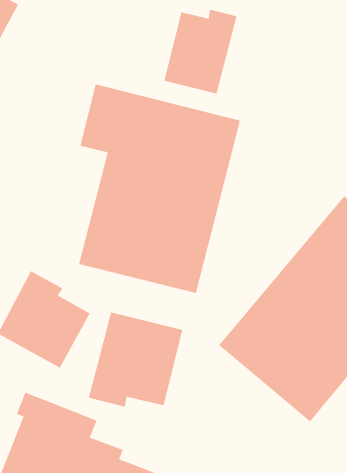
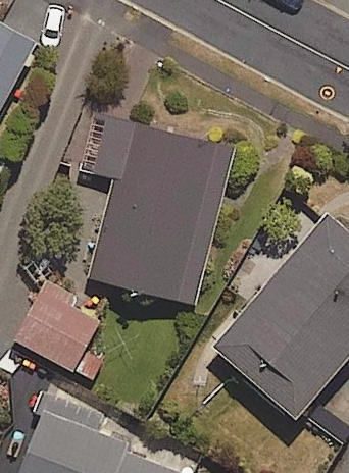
building: [163,9,237,94] -> none
building: [88,312,183,408] -> none

